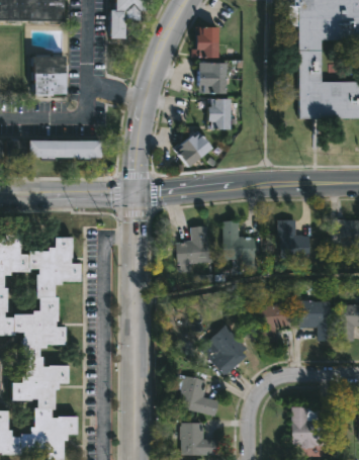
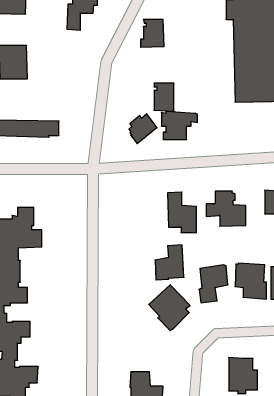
building: [199,62,240,93] -> [161,112,197,140]
building: [177,225,209,265] -> [155,245,184,280]
building: [175,374,220,416] -> none

